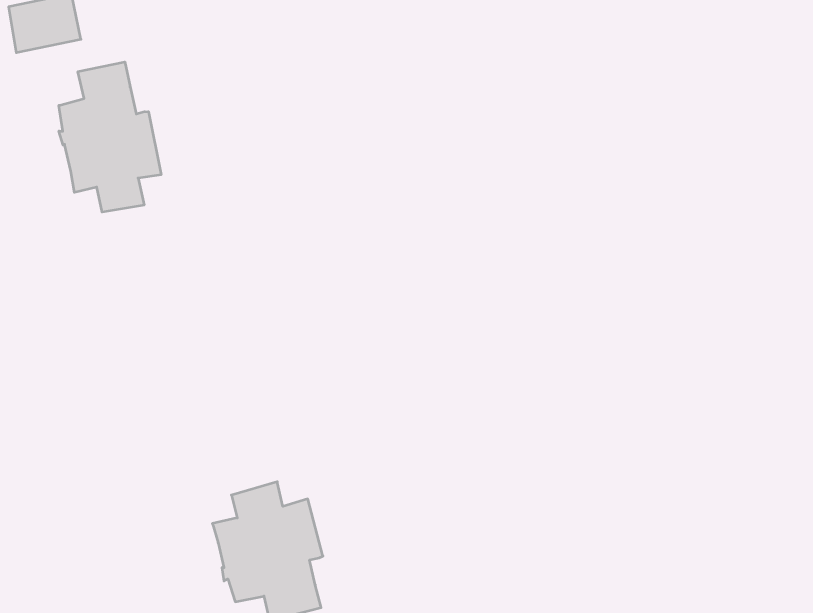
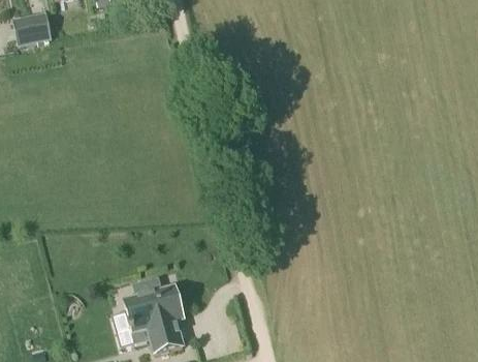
building: [59,62,161,212] -> none

